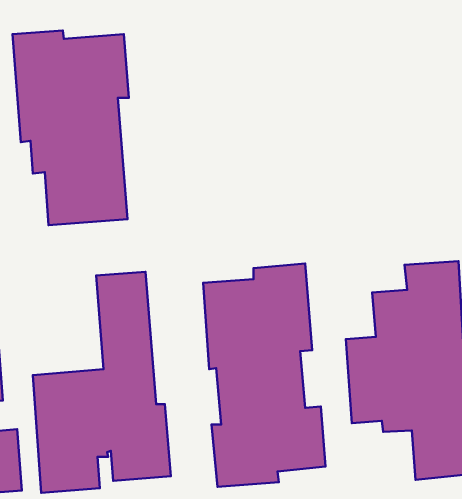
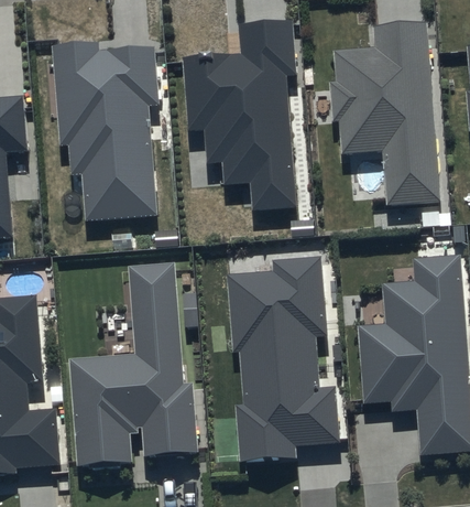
building: none -> [181,20,296,208]
building: none -> [328,21,439,203]

